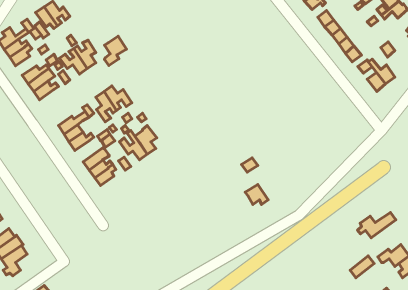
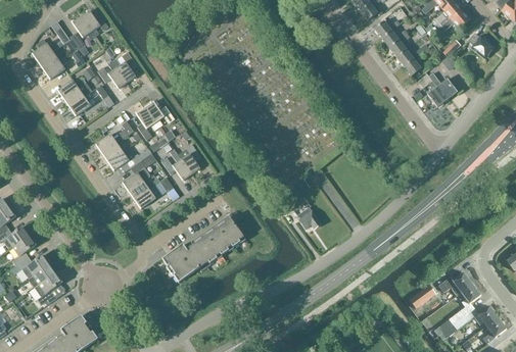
building: [105,36,127,65] -> none
building: none -> [161,216,243,282]
building: [357,212,396,238] -> none

